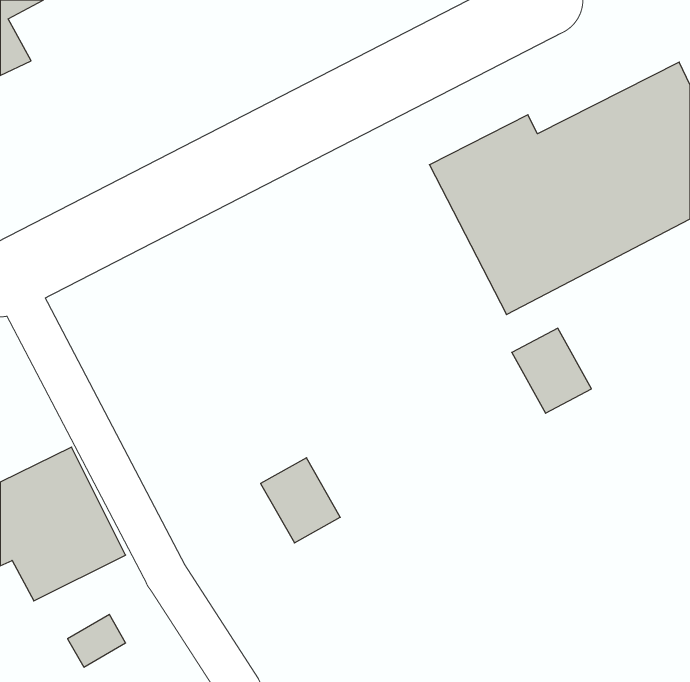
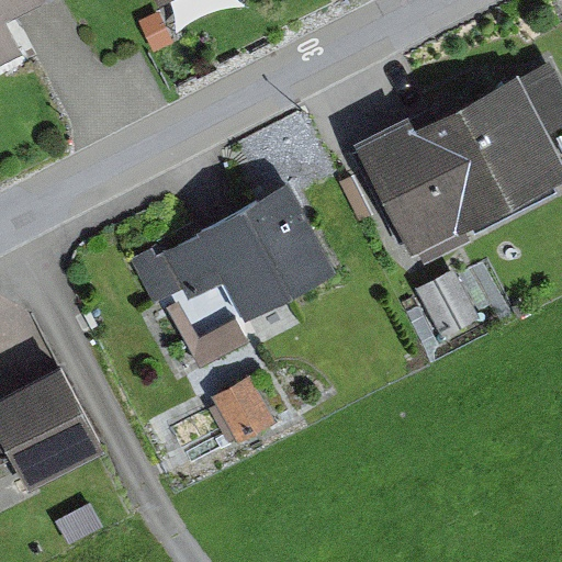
building: none -> [132,182,339,327]

